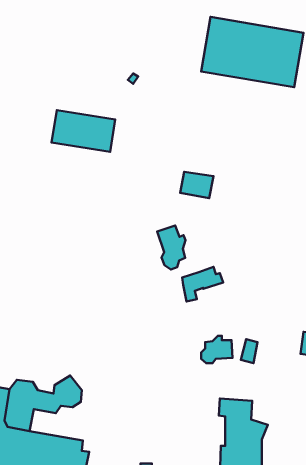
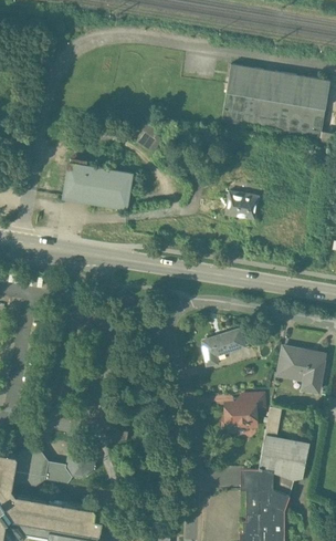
building: [180,172,213,198] -> [225,189,261,217]
building: [157,226,186,270] -> none
building: none -> [283,346,323,386]
building: none -> [261,434,309,476]

